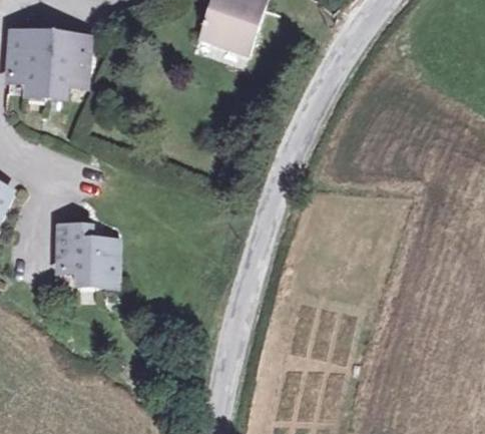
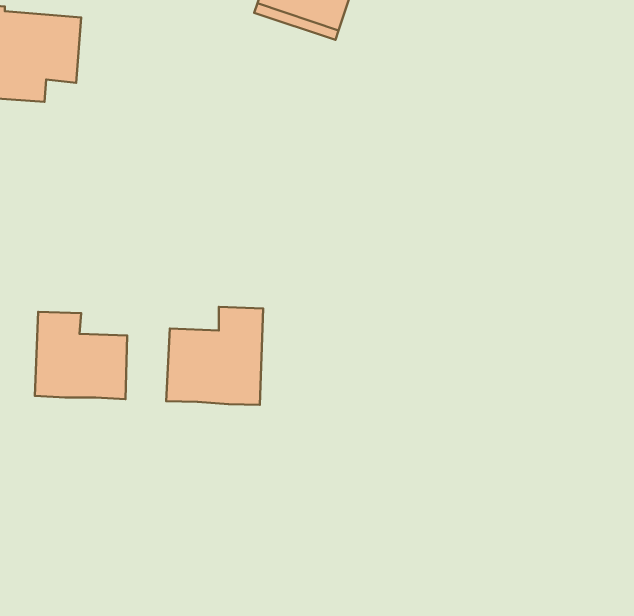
building: none -> [166,307,263,405]

